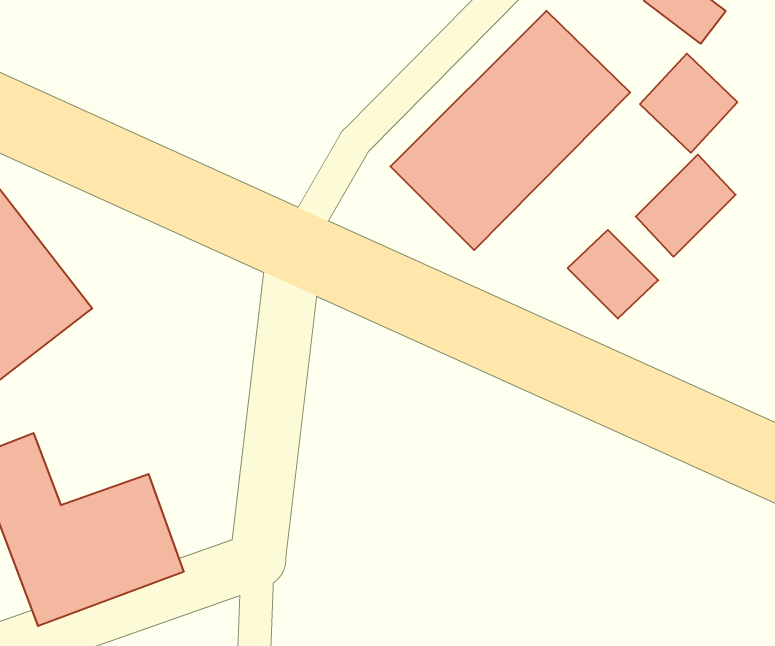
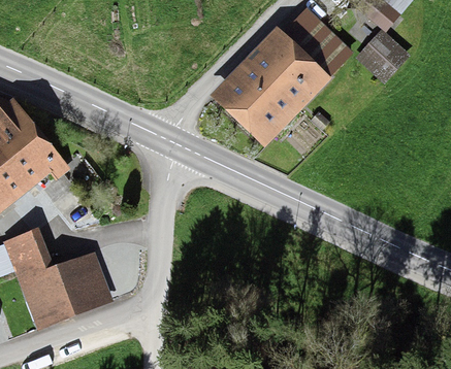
building: [636,155,736,257] -> none
building: [568,230,658,319] -> none

